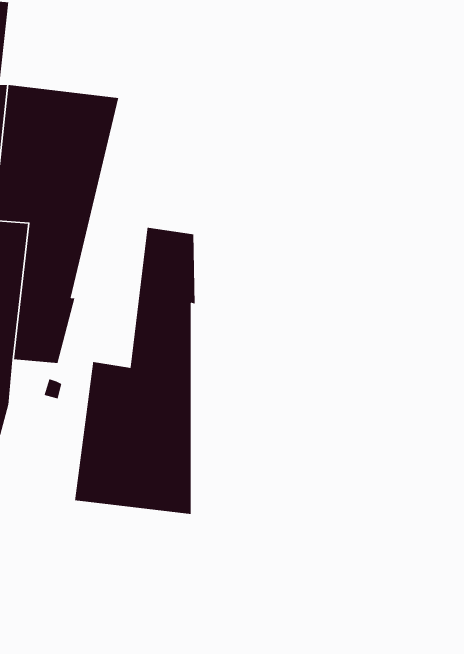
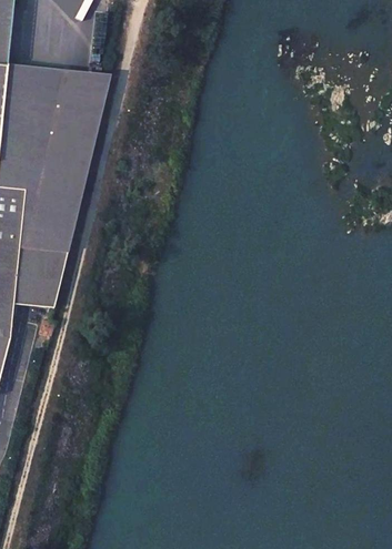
building: [74,227,196,515] -> none

